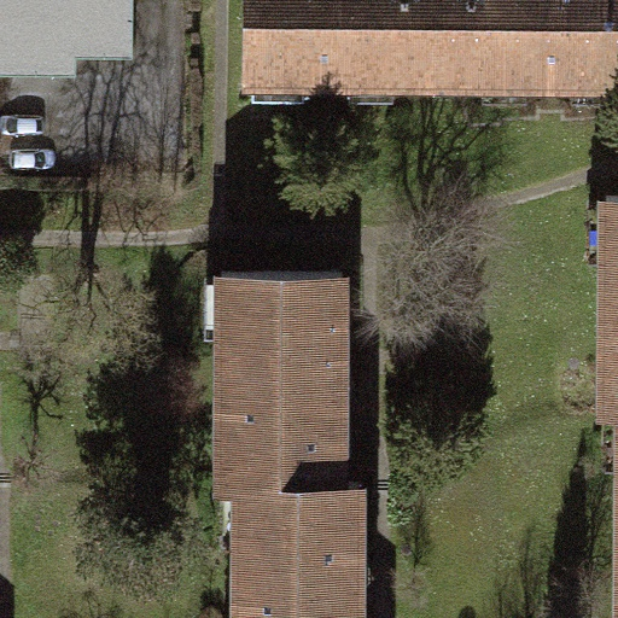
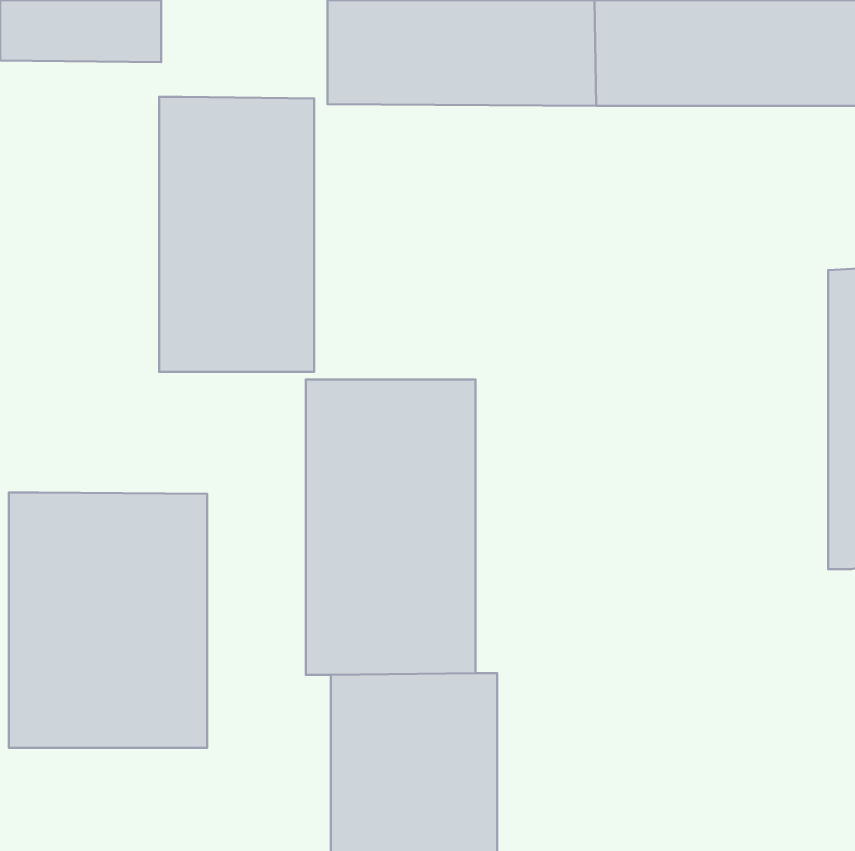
building: none -> [159,97,314,372]
building: none -> [9,492,207,748]

